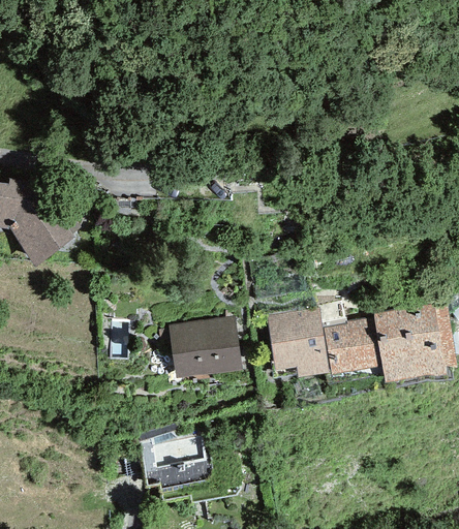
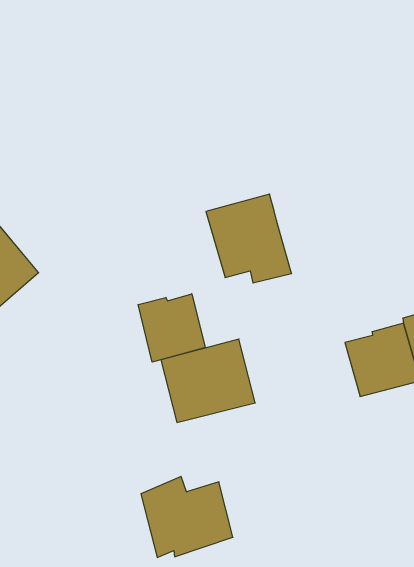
building: none -> [138,294,205,362]
building: [266,305,331,377] -> [206,194,292,283]

